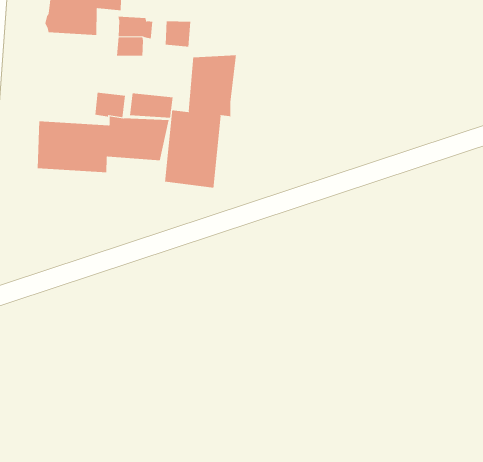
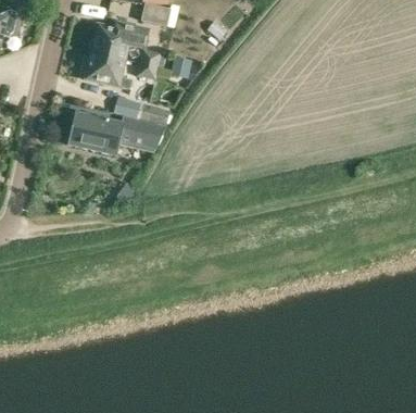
building: none -> [86,50,133,88]
building: [165,55,237,188] -> none

